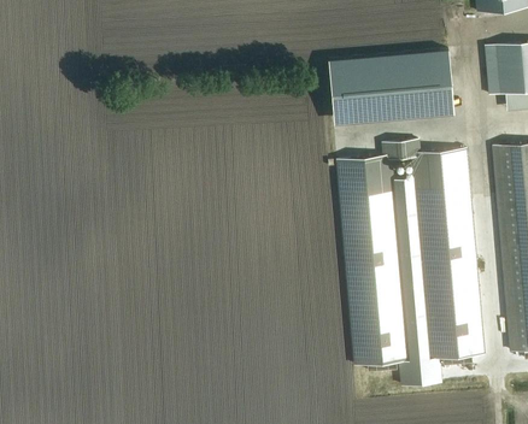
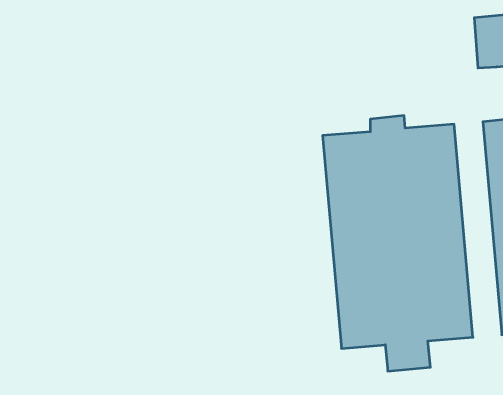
building: [329,51,454,125] -> none

